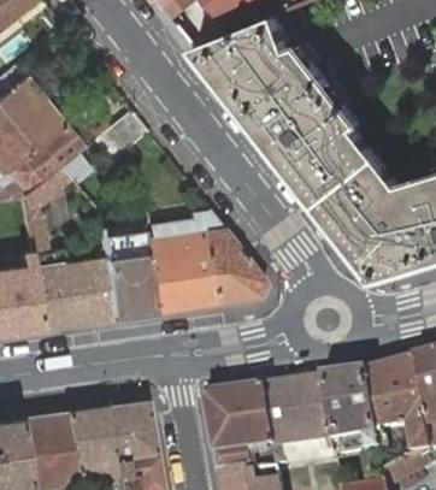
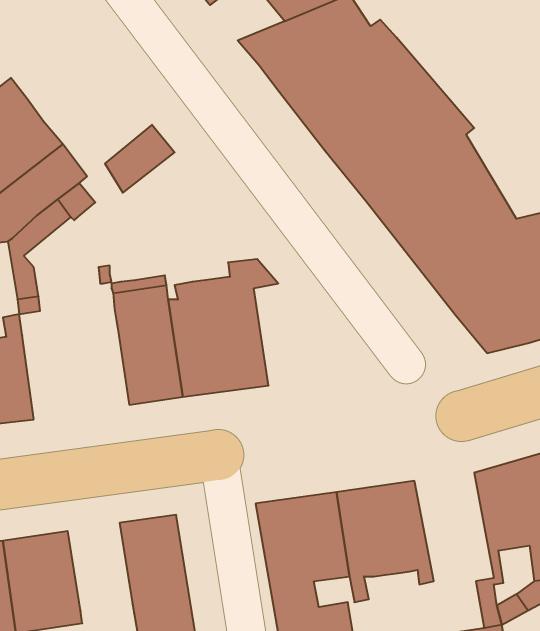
building: [202,229,263,305] -> none
building: [30,255,110,330] -> none
building: [322,370,381,455] -> none
building: [64,407,113,476] -> none

